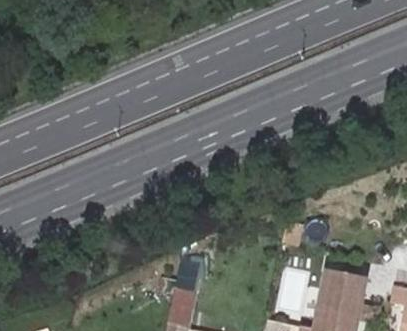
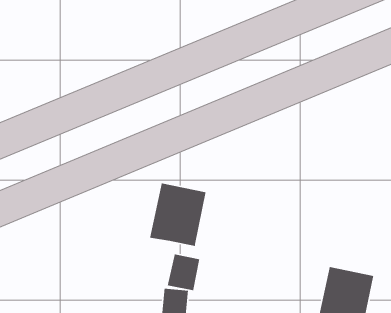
building: none -> [149,182,206,247]

